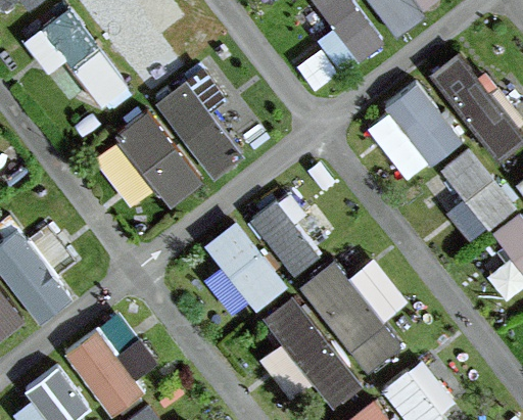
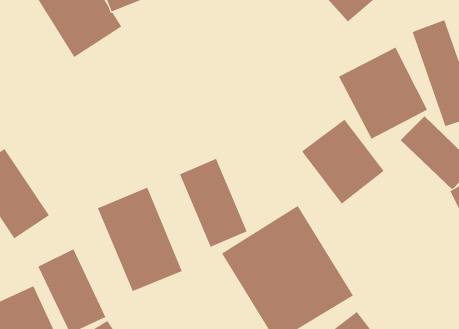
building: [93,73,252,213] -> none
building: [245,184,335,275] -> [301,119,384,205]
building: none -> [97,187,182,292]

